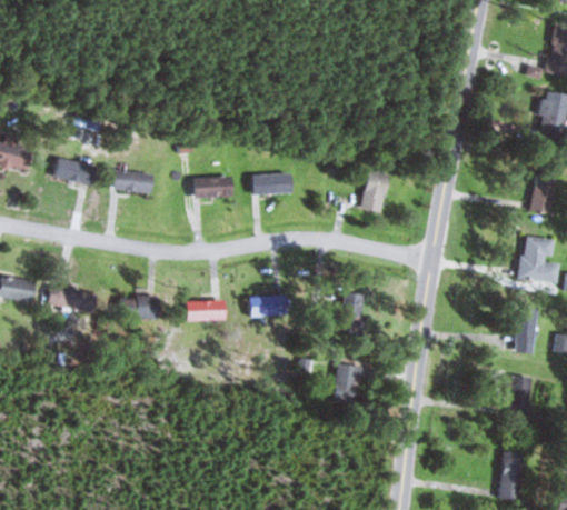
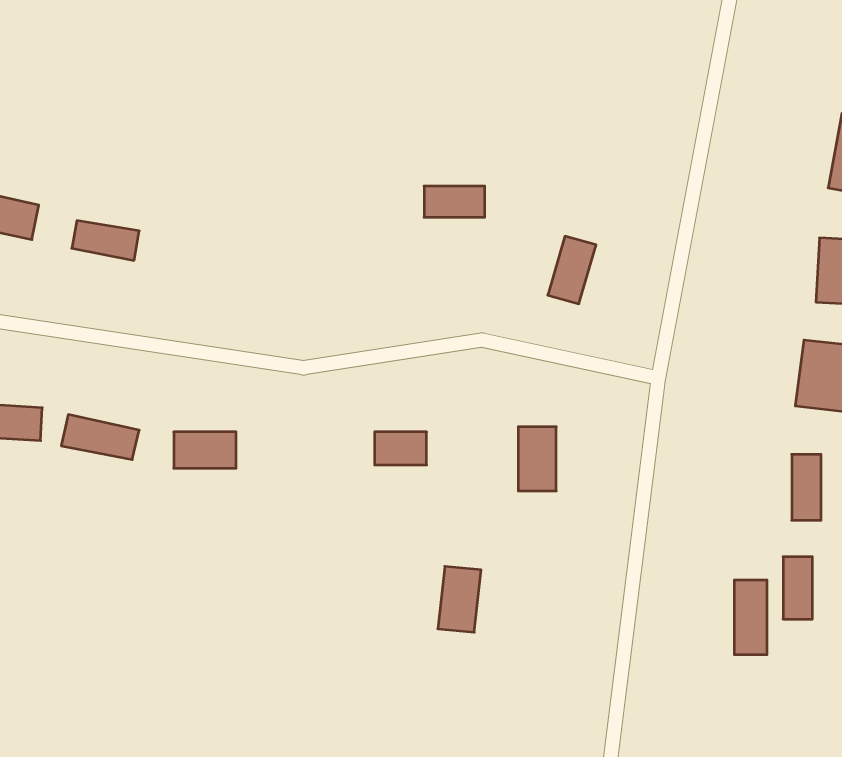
building: [113,172,152,193] -> none
building: [252,174,291,194] -> [424,186,485,217]
building: [192,178,232,198] -> none
building: [187,301,225,319] -> none
building: [334,362,361,404] -> [438,566,481,632]
building: [501,451,523,499] -> [734,580,767,655]

